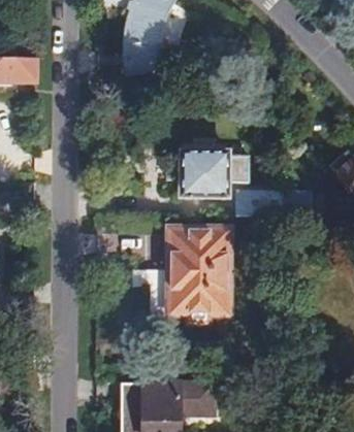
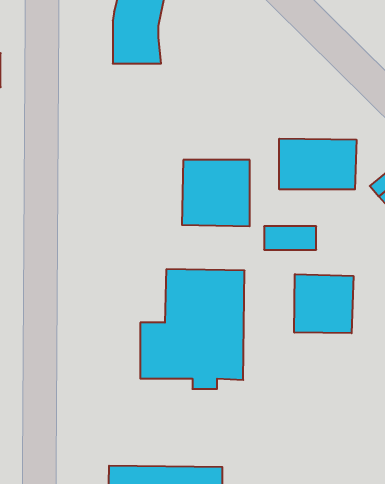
building: none -> [279,139,356,189]
building: none -> [294,274,353,333]

